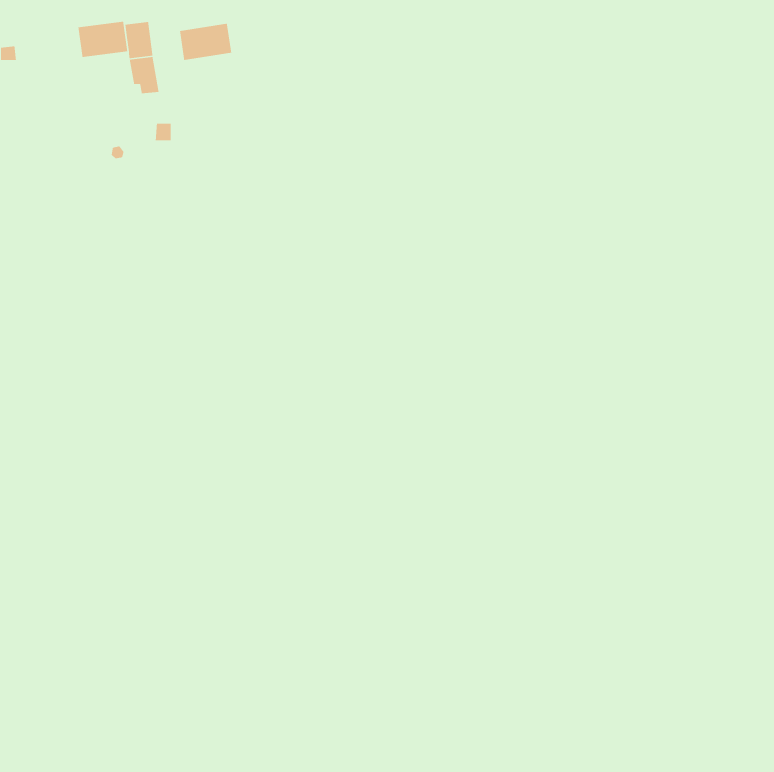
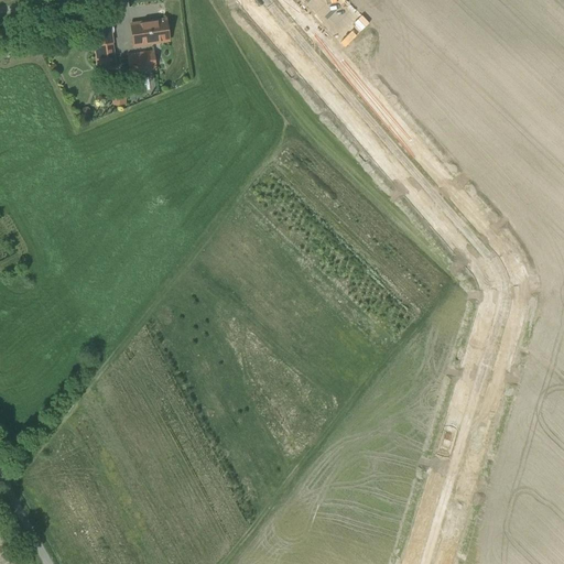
building: [77,21,128,58] -> none
building: none -> [128,50,156,70]

